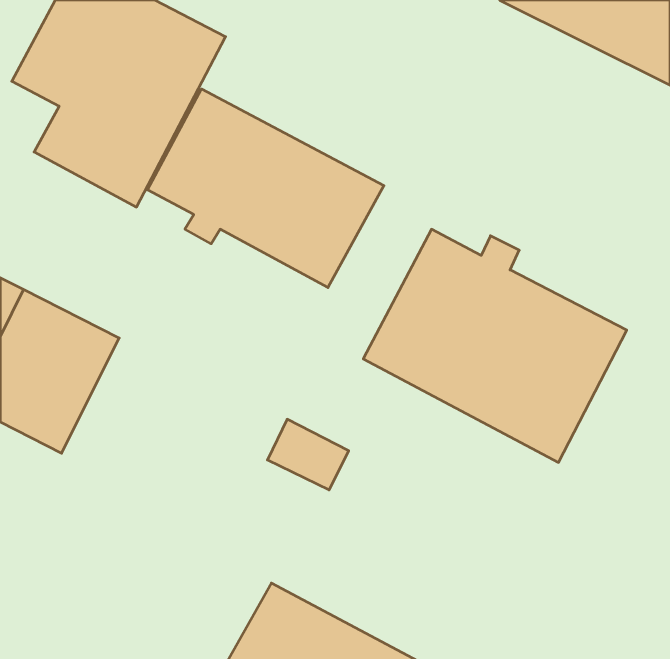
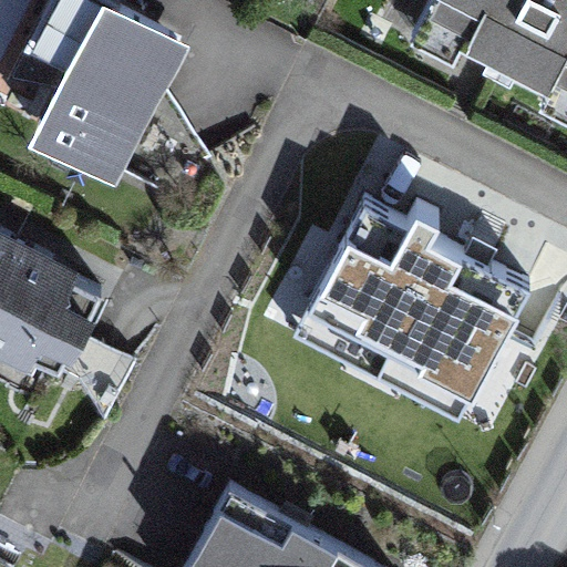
building: [147,89,384,288] -> none

